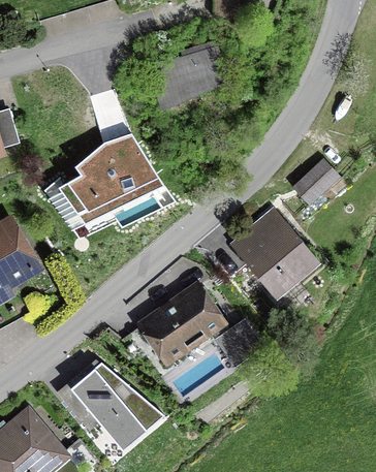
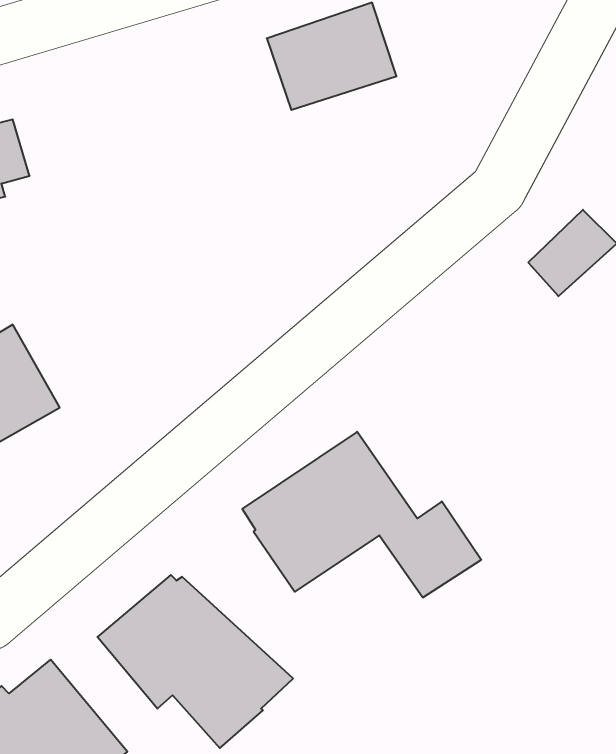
building: [58,135,164,224] -> none
building: [228,208,321,304] -> none

